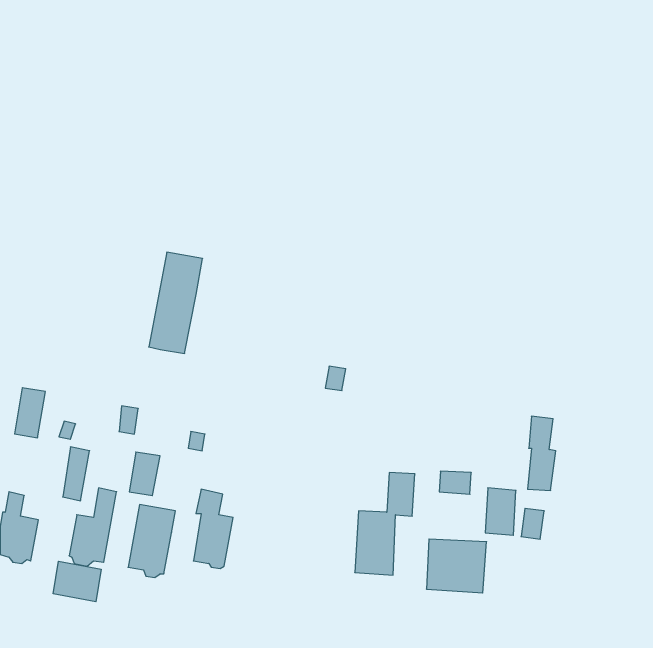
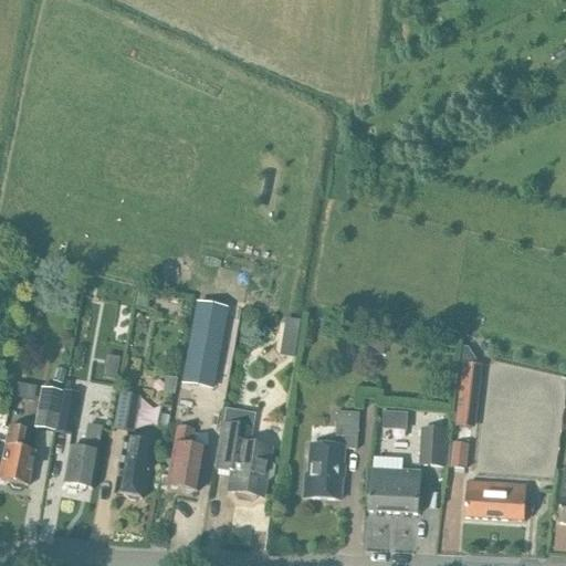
building: [149,252,203,353] -> [180,298,227,386]
building: [15,388,45,438] -> [33,385,60,428]
building: none -> [218,421,273,499]
building: none -> [467,479,525,518]
building: [53,561,101,602] -> none

